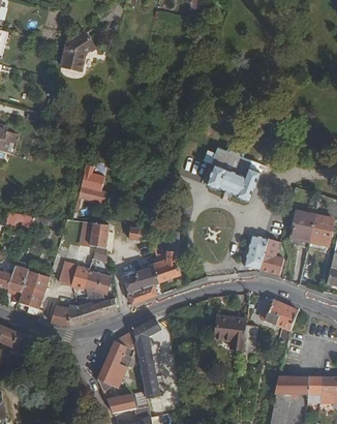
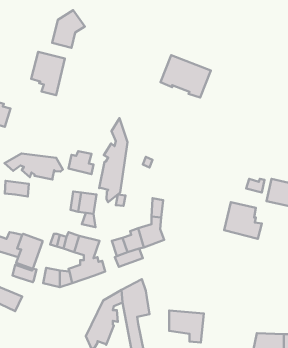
building: none -> [31,52,65,95]
building: none -> [99,118,128,202]
building: [206,155,259,201] -> [161,55,211,98]
building: none -> [5,153,63,180]
building: [263,300,298,334] -> none
building: [209,315,246,350] -> [169,311,204,342]

